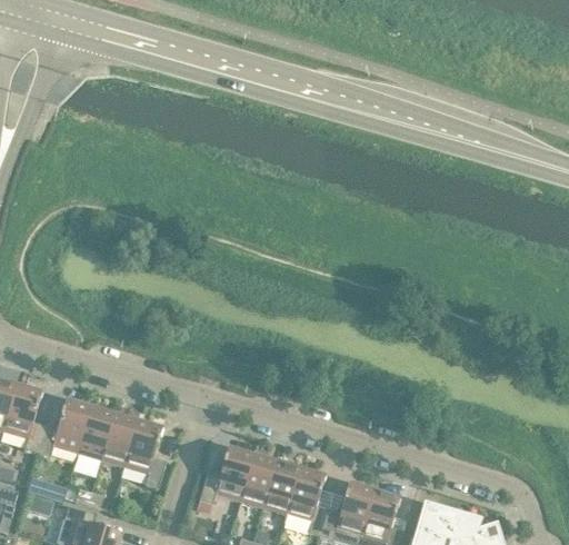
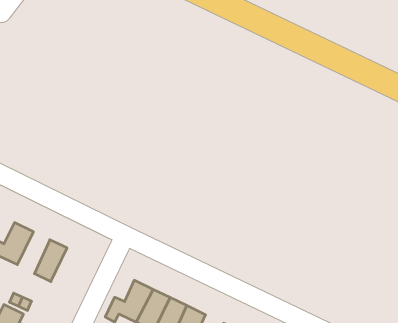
building: [78,406,113,458] -> none
building: [123,419,166,487] -> none

